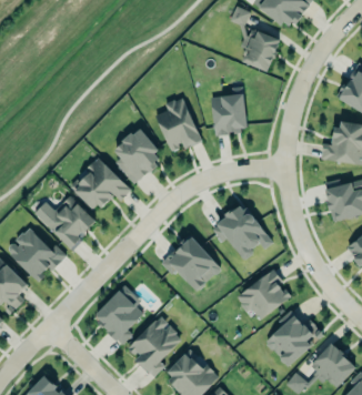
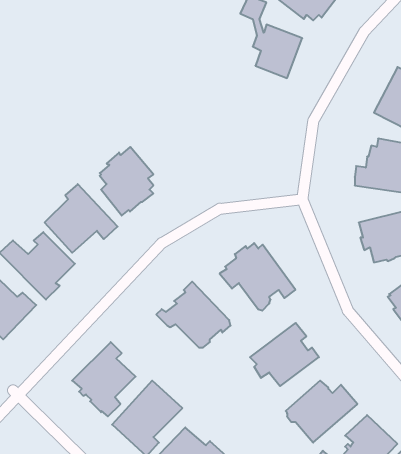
building: [210,93,247,134] -> none
building: [154,98,202,150] -> none

